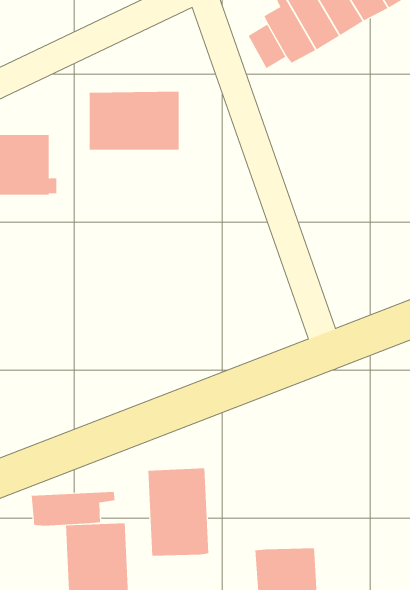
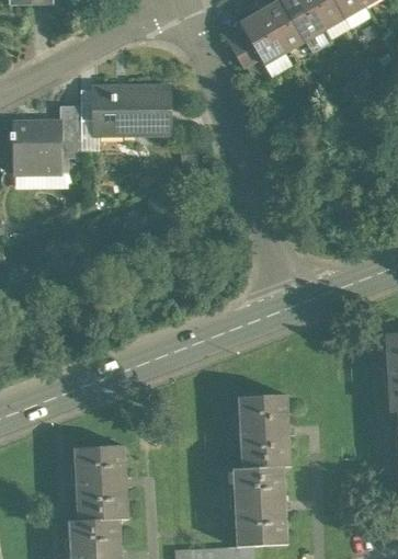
building: none -> [58,106,80,159]
building: [147,468,209,556] -> [237,395,288,468]
building: [31,491,115,527] -> none

